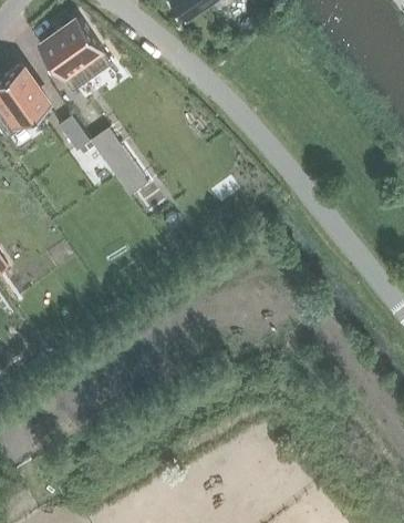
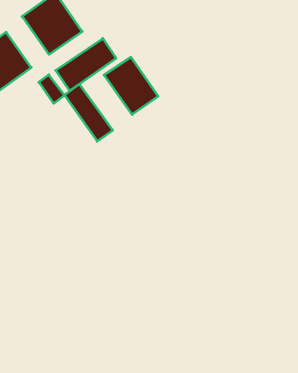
building: none -> [56,38,116,91]
building: none -> [104,57,158,115]

